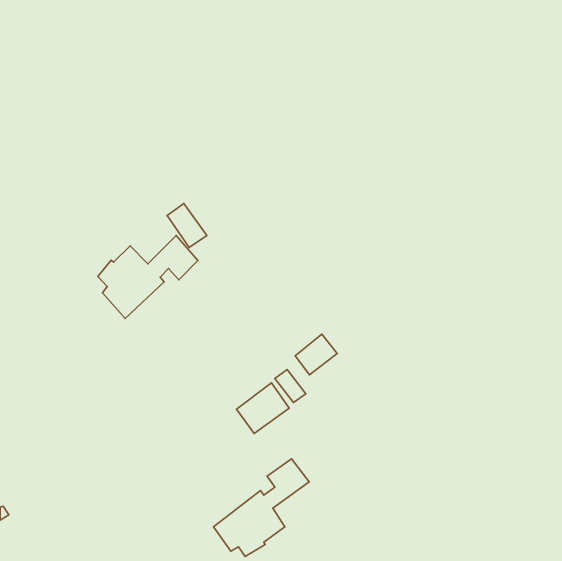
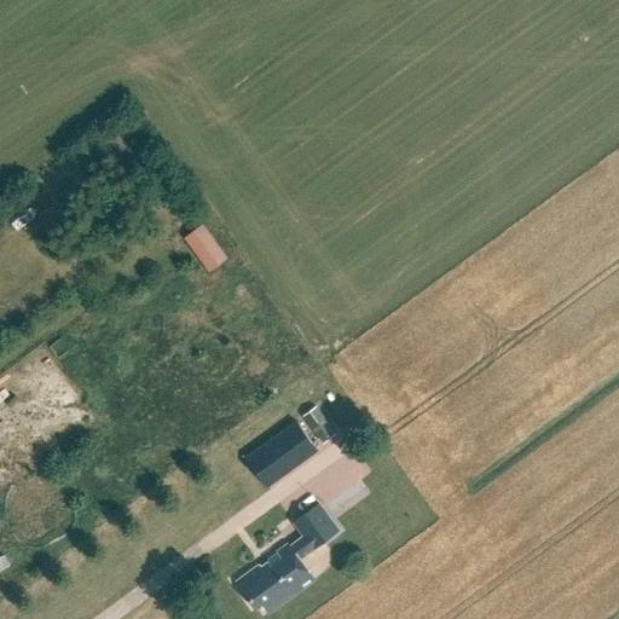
building: [98,235,198,319] -> none
building: [295,334,337,375] -> none

